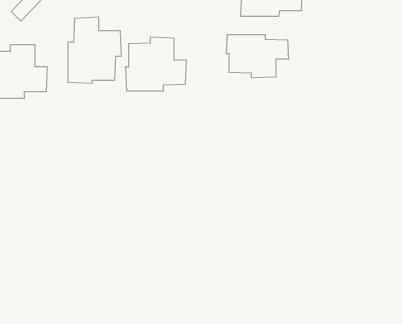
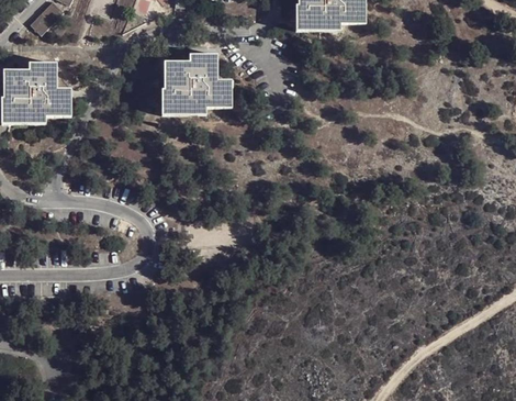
building: [68,17,121,84] -> none
building: [226,34,288,78] -> none

